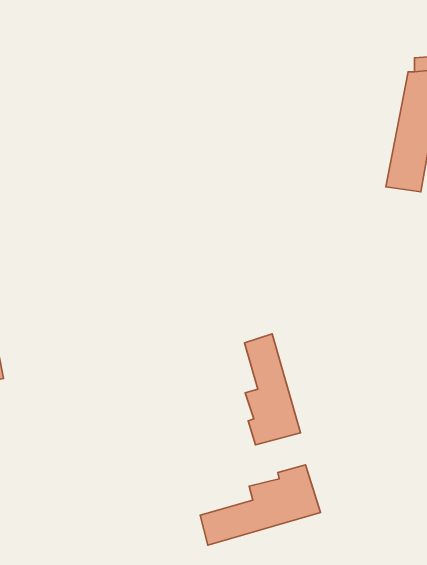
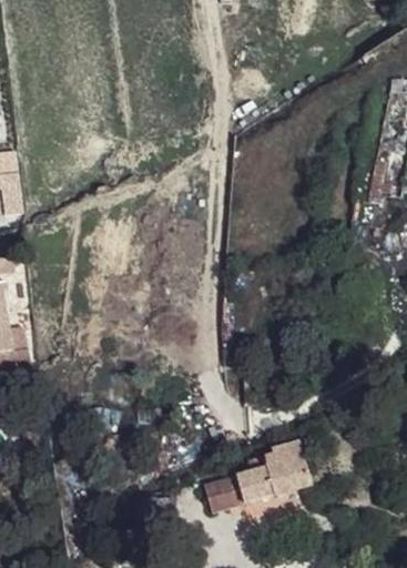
building: [245,334,301,445] -> none

